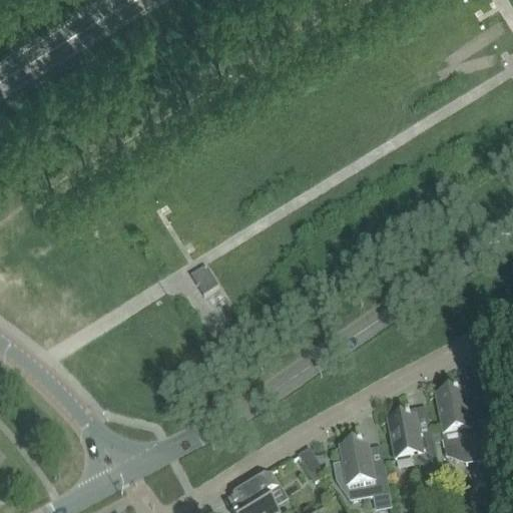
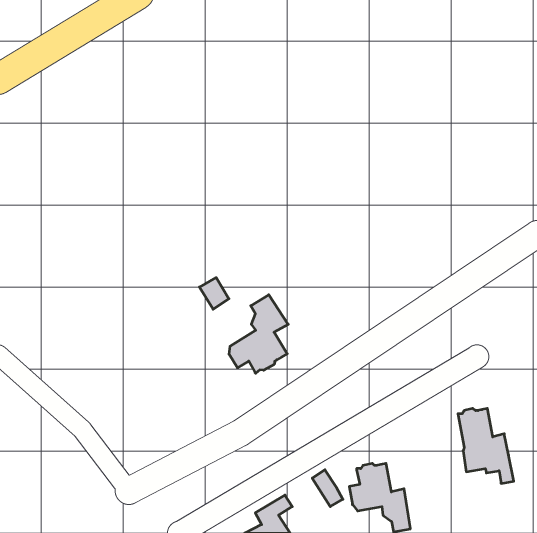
building: none -> [229,295,288,373]
building: [387,414,437,472] -> none

